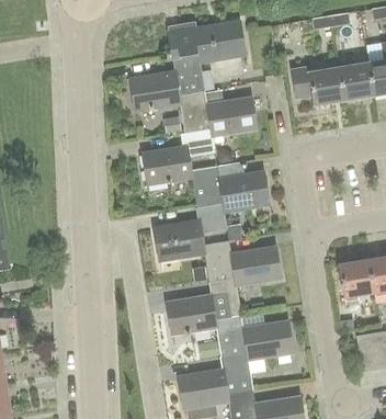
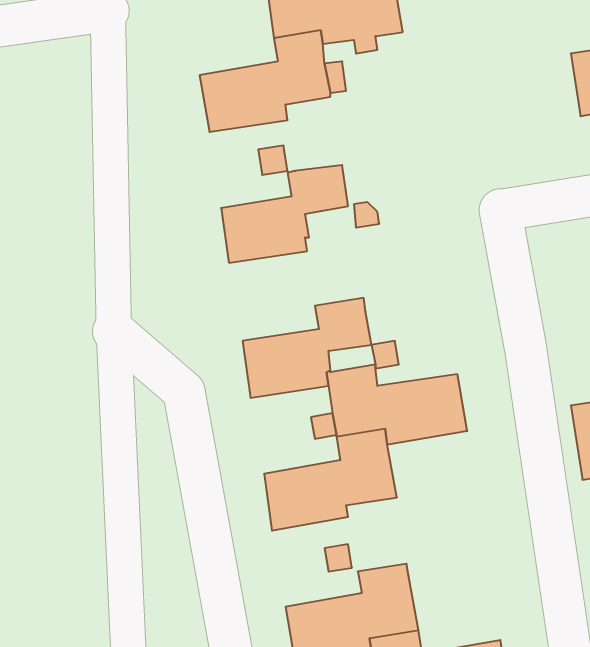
building: [291,66,344,105] -> none
building: [179,90,257,136] -> none
building: [190,166,269,211] -> none
building: [213,315,292,359] -> none

